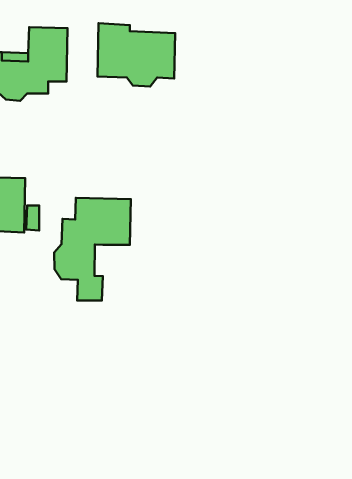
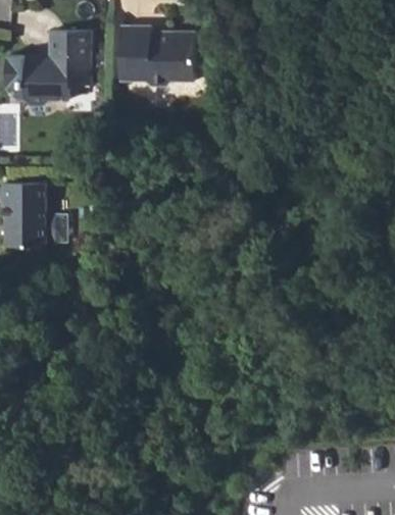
building: [54,198,131,300] -> none

